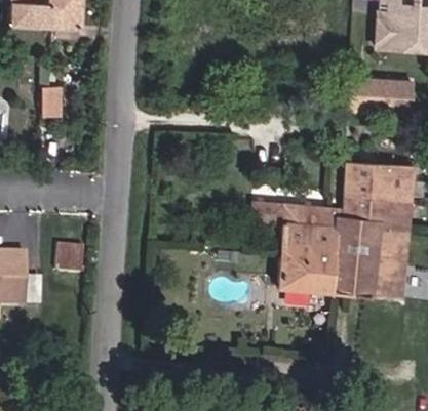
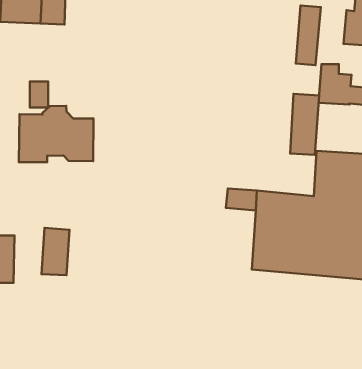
building: none -> [296,6,321,65]
building: none -> [290,94,319,155]
building: none -> [19,106,94,162]

